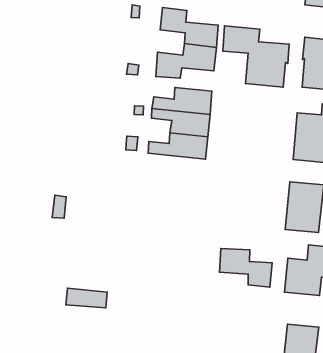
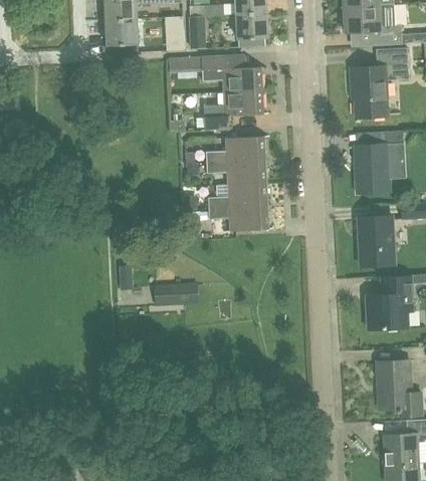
building: [223,26,289,87] -> none
building: none -> [208,206,268,232]
building: [219,249,272,287] -> none
building: [66,288,107,308] -> [155,285,197,304]

